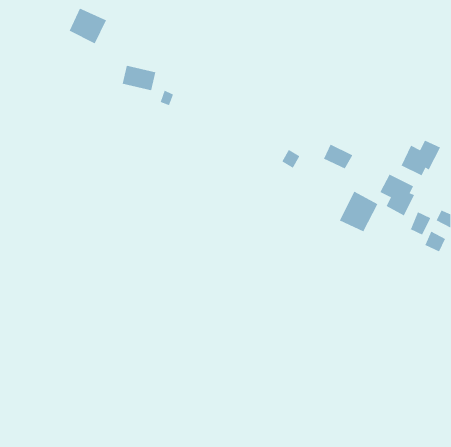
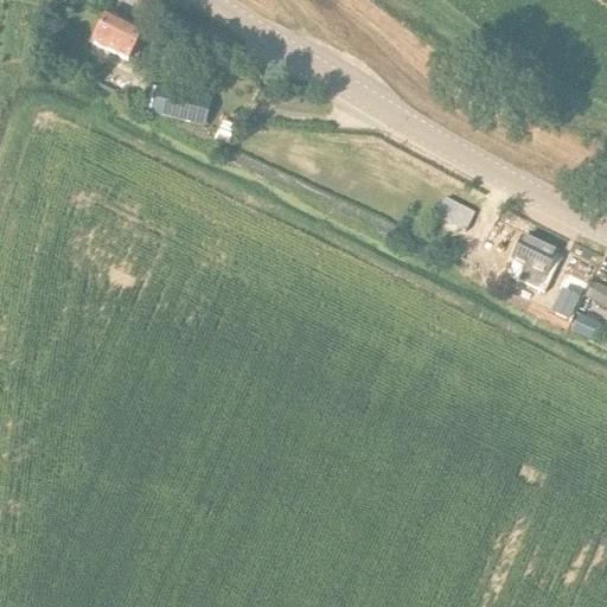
building: [401,140,441,176] -> none
building: [339,191,378,232] -> none

